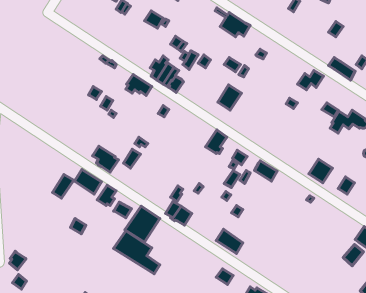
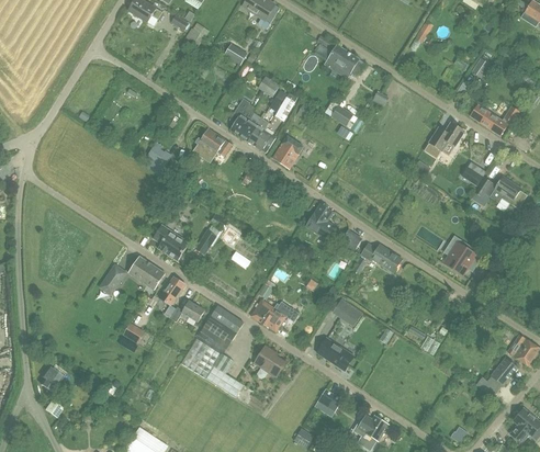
building: [218,85,241,110] -> [271,134,303,168]
building: none -> [254,344,284,375]

